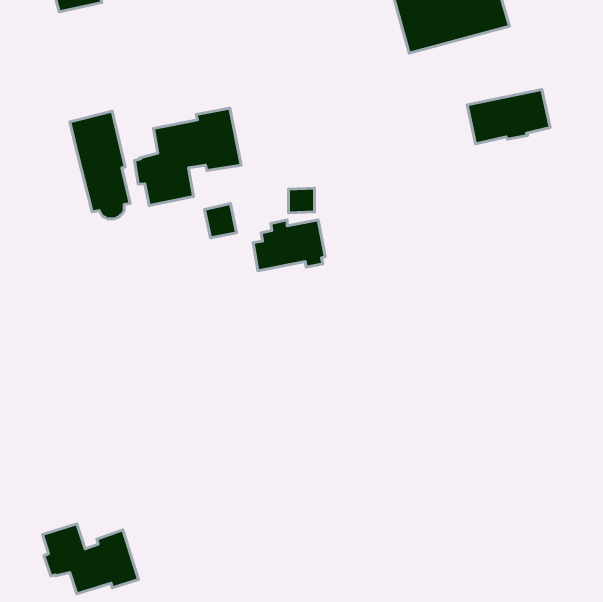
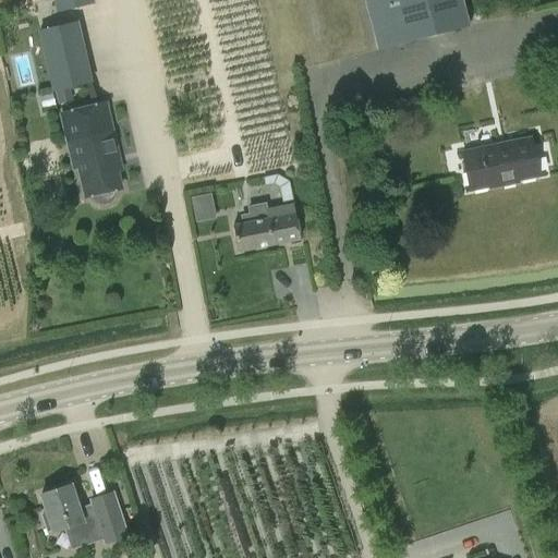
building: none -> [40,22,92,89]
building: [467,90,550,144] -> [463,137,539,187]
building: [135,108,241,205] -> none

